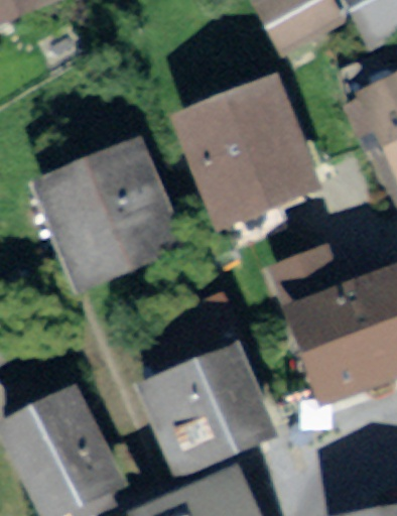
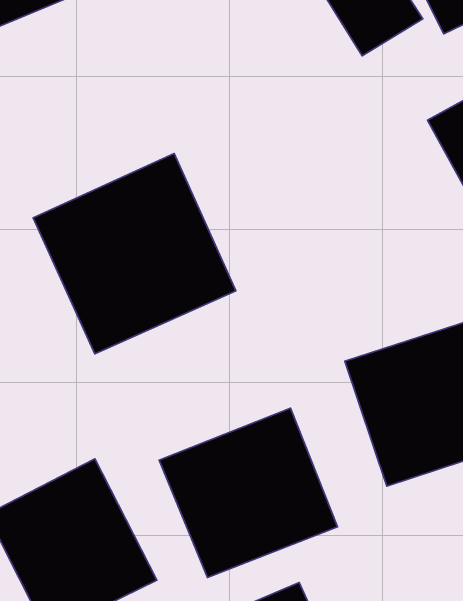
building: [171,76,323,232] -> none

